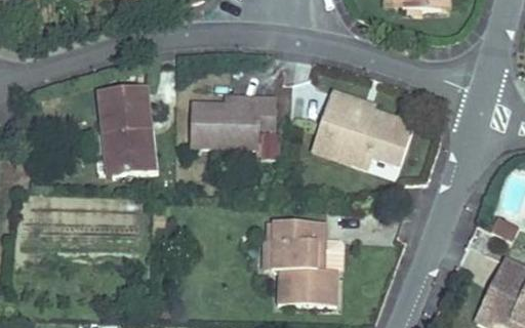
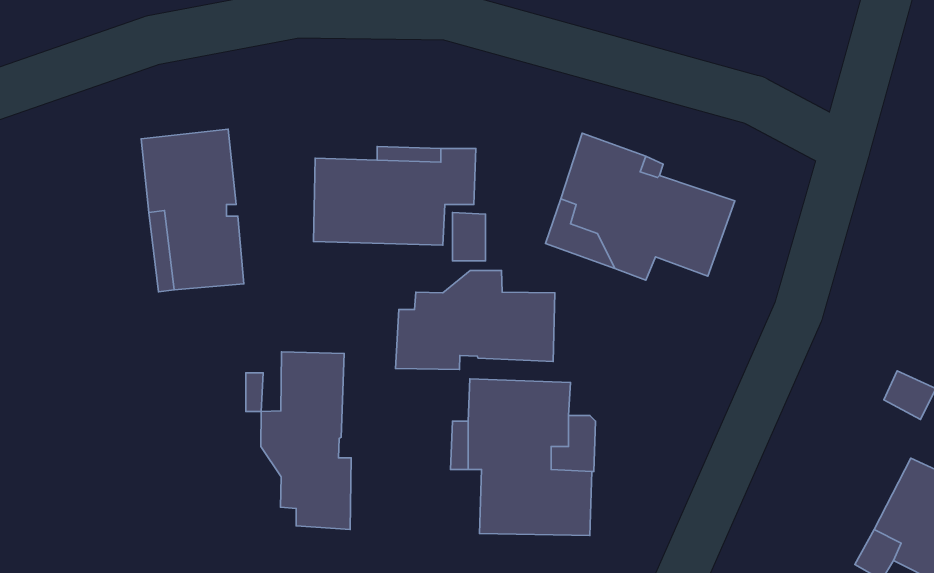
building: none -> [395,270,555,370]
building: none -> [261,352,351,530]

